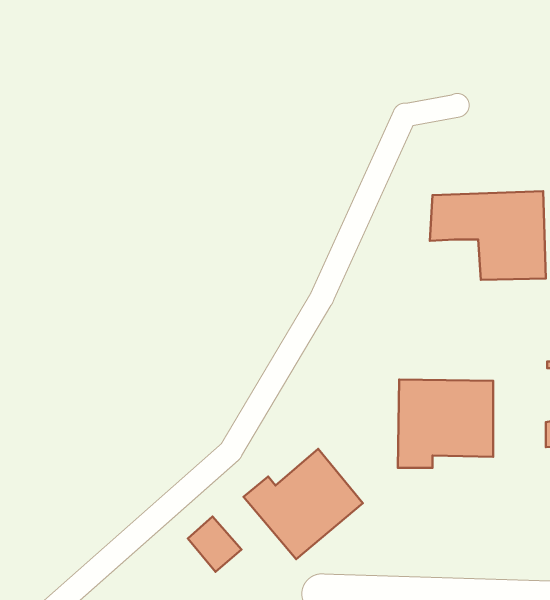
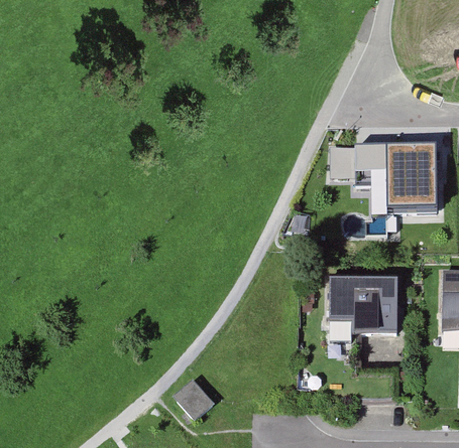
building: [244,449,363,559] -> none

